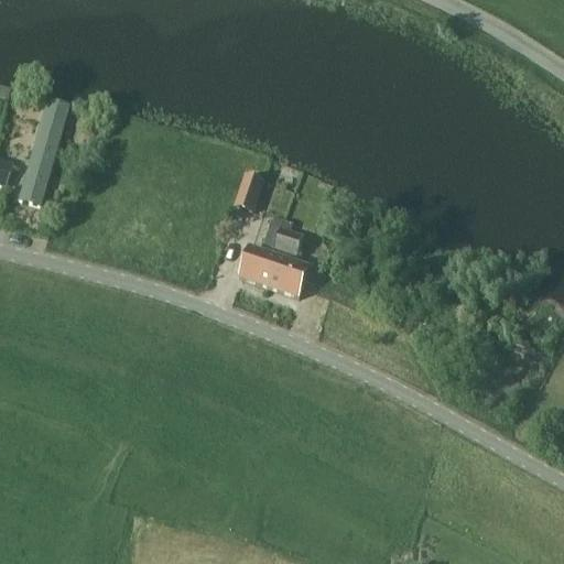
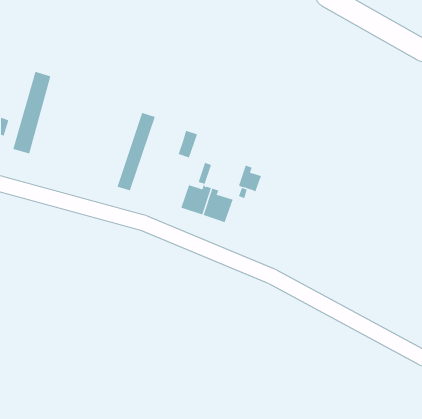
building: none -> [117,112,155,191]
building: [274,219,305,256] -> [239,165,262,192]

